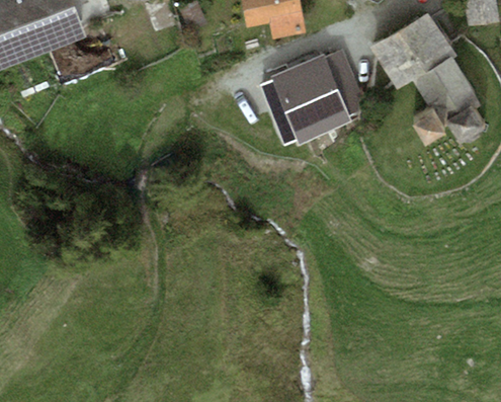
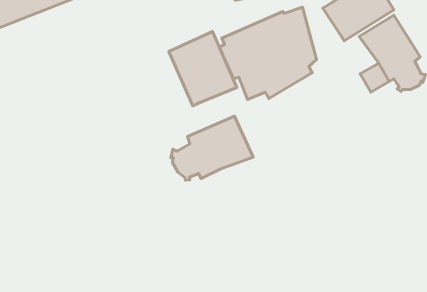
building: none -> [169,32,237,106]
building: none -> [171,116,253,180]

